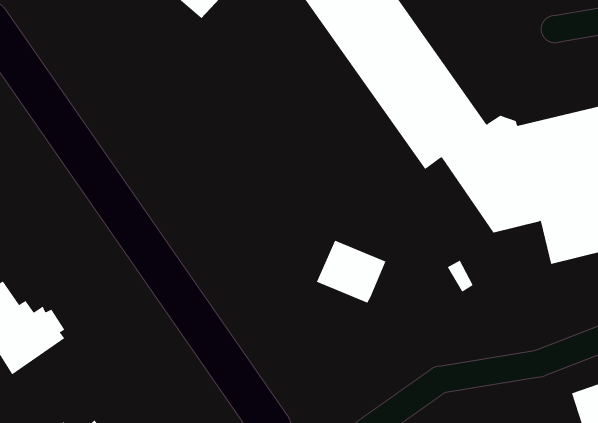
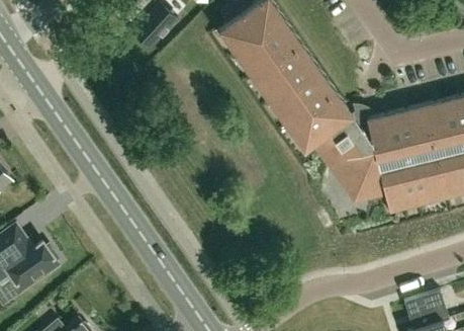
building: [316,240,386,304] -> none

